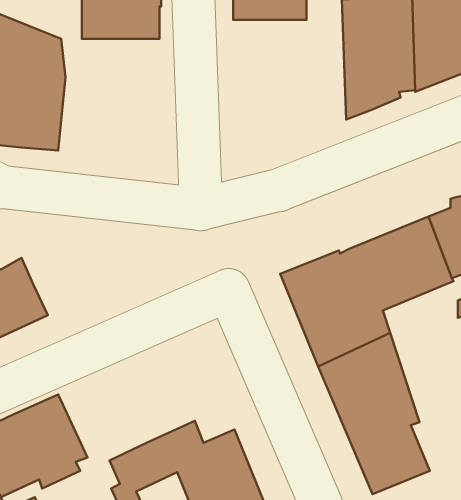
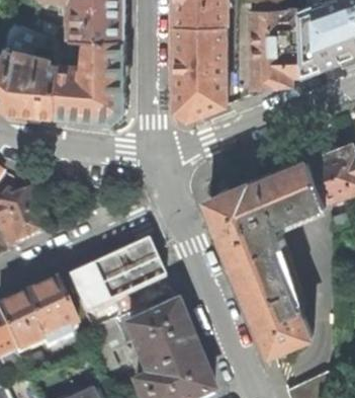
building: none -> [174,25,226,120]
building: none -> [54,38,123,122]
building: none -> [66,240,162,315]

